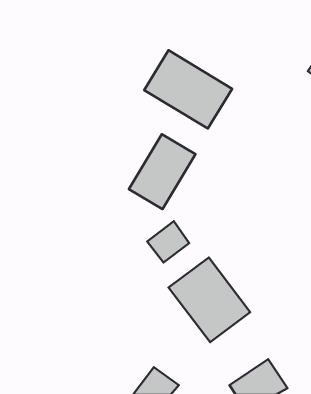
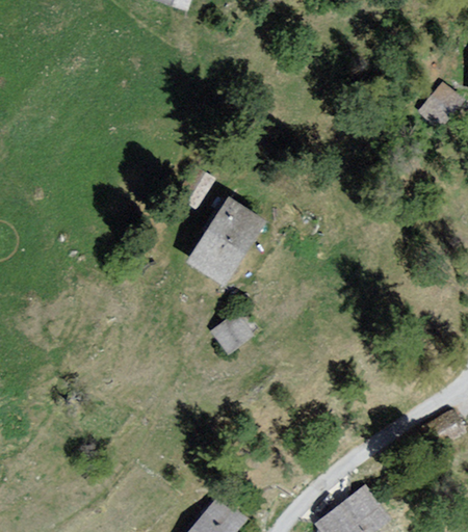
building: [144,50,232,129] -> none
building: [169,257,250,342] -> none

